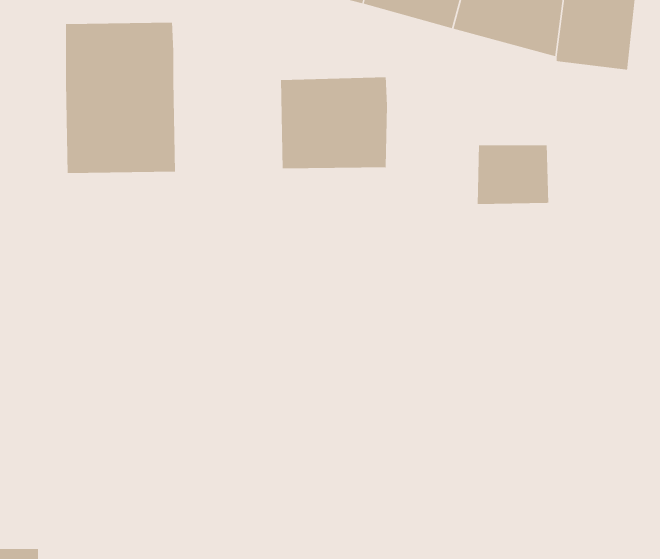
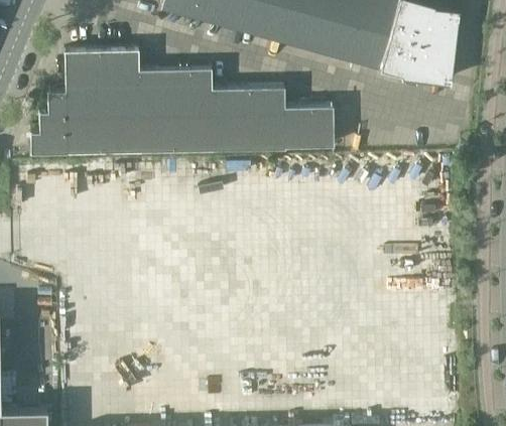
building: none -> [139,68,213,152]
building: none -> [30,91,66,154]
building: [477,144,549,205] -> [284,107,334,148]

